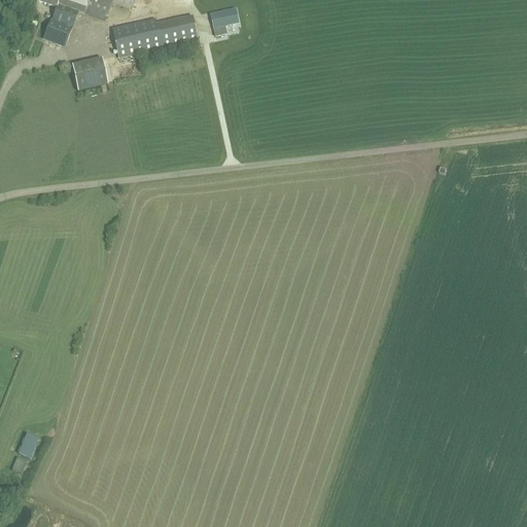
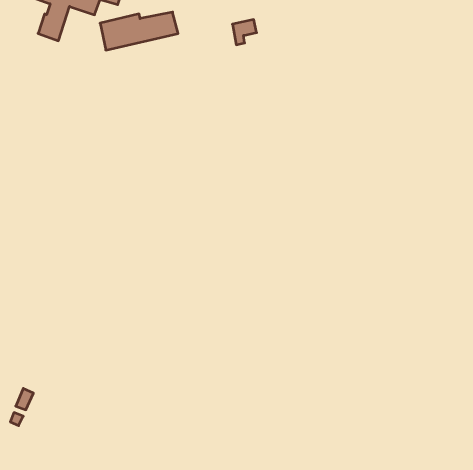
building: [210,6,237,34] -> [232,20,257,45]
building: [74,52,107,85] -> none

